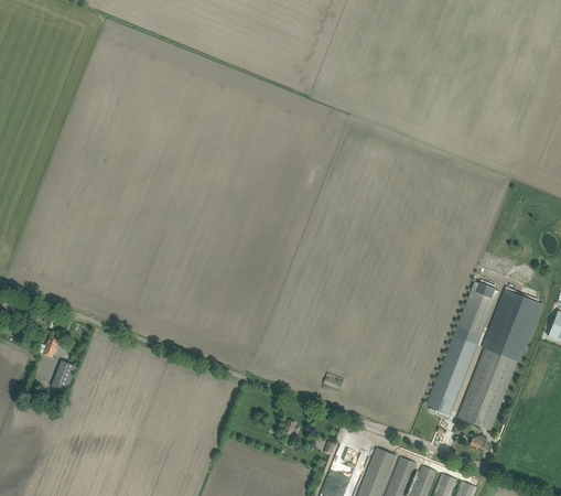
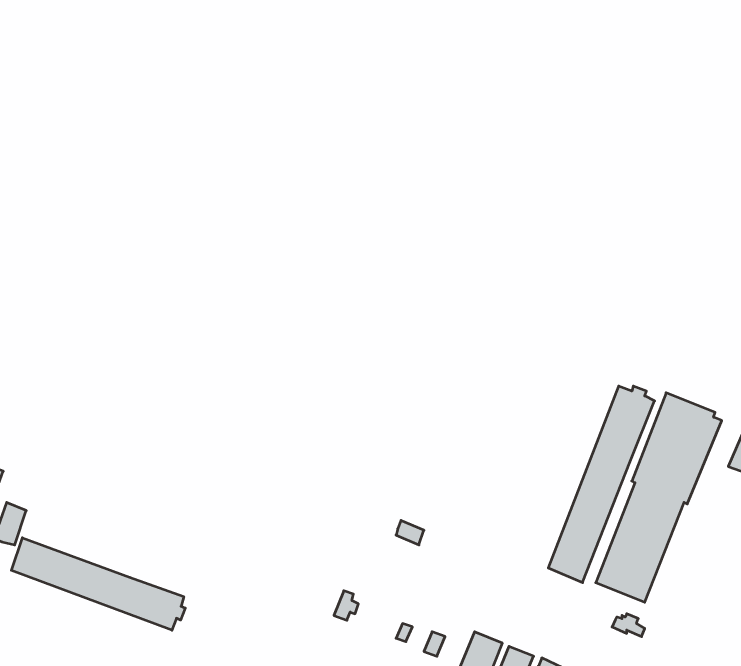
building: none -> [11,538,185,630]

